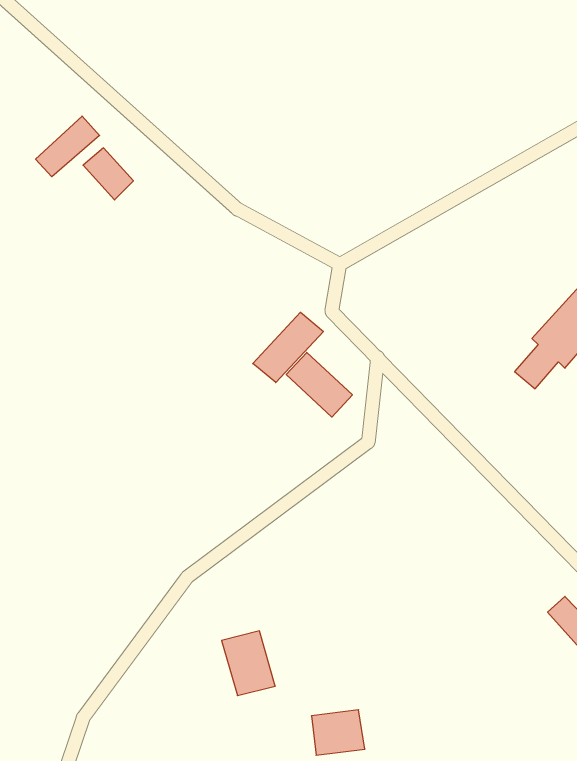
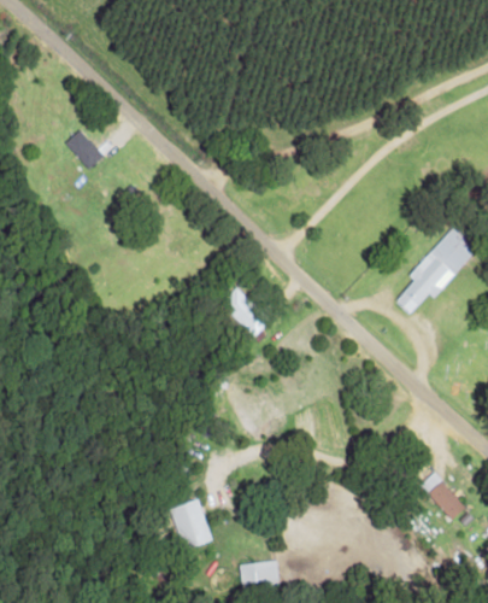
building: [36,116,100,177] -> none
building: [253,312,323,383] -> none

